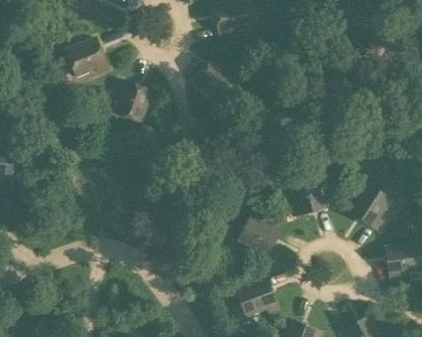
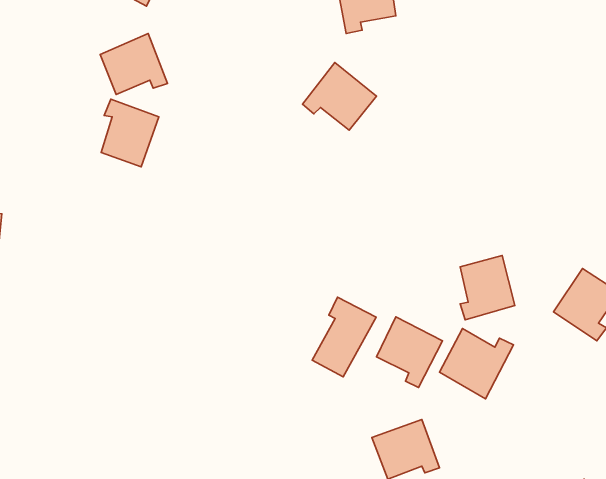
building: [118,80,154,123] -> [101,99,159,167]
building: none -> [312,297,376,377]
building: none -> [439,329,514,399]

